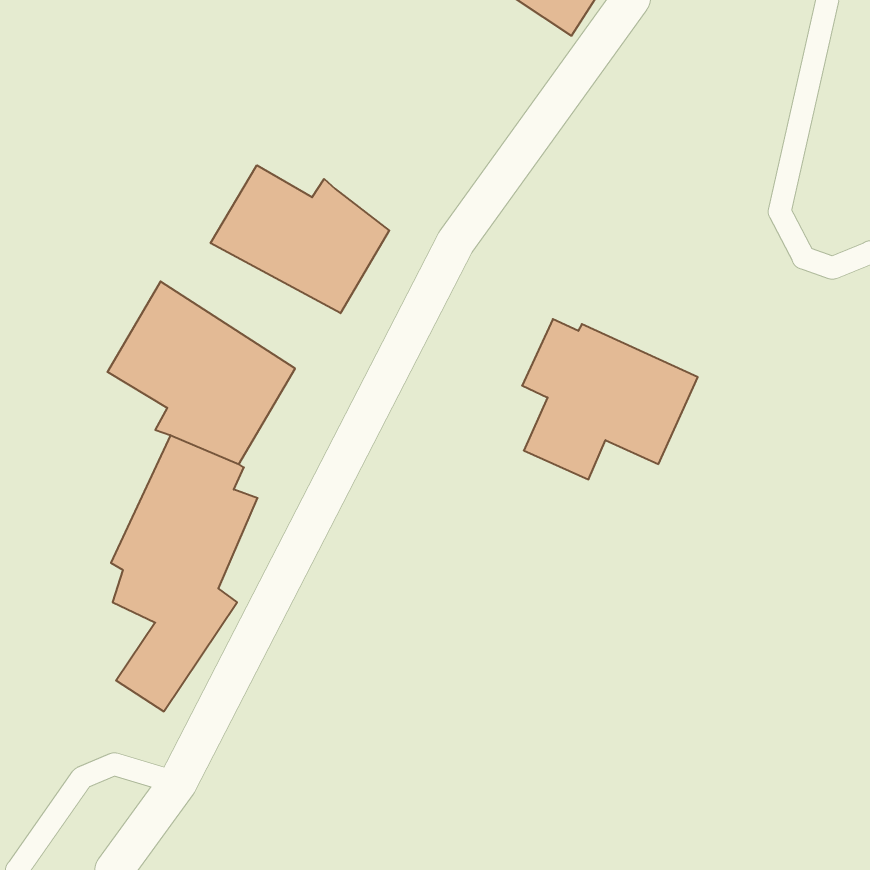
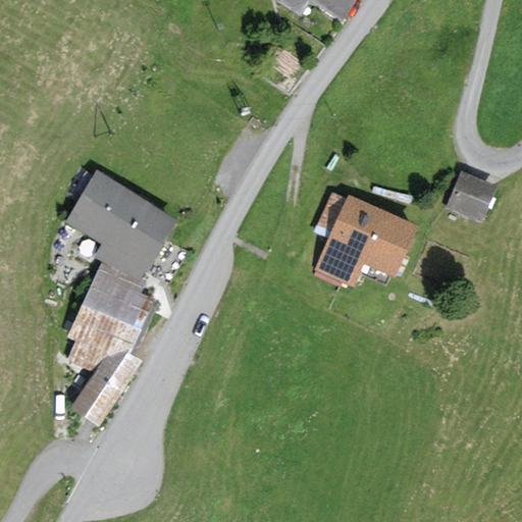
building: [211,165,389,313] -> none
building: none -> [446,170,497,221]

